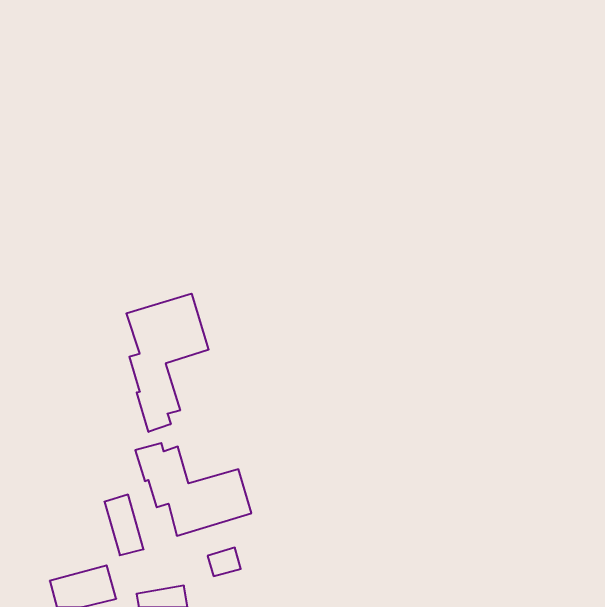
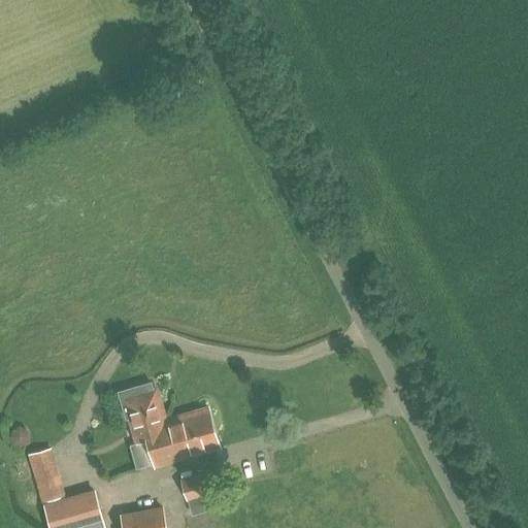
building: [126,294,209,432] -> none
building: [104,495,144,555] -> [29,448,63,500]

